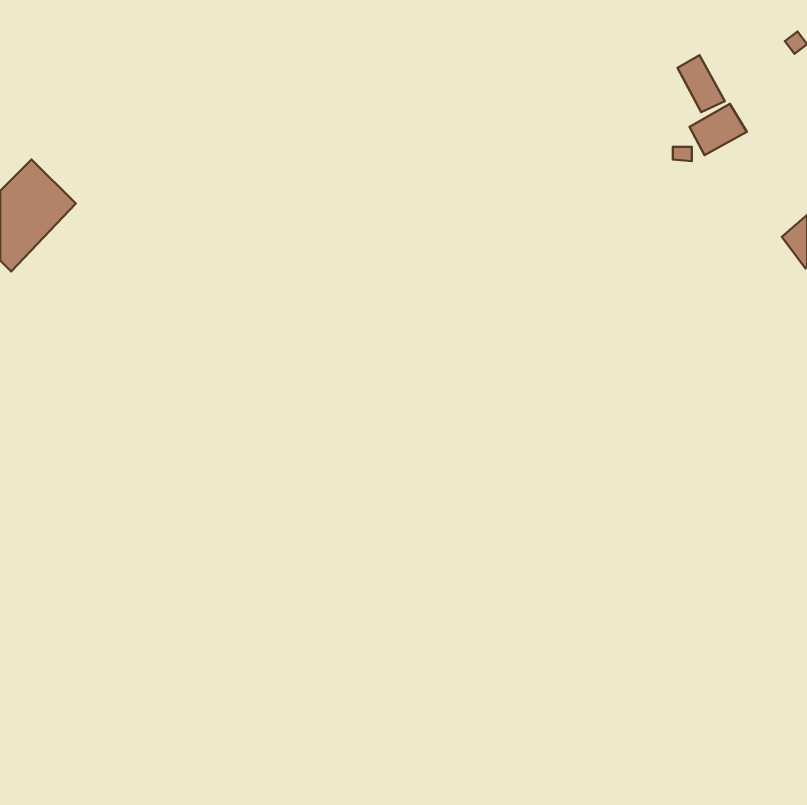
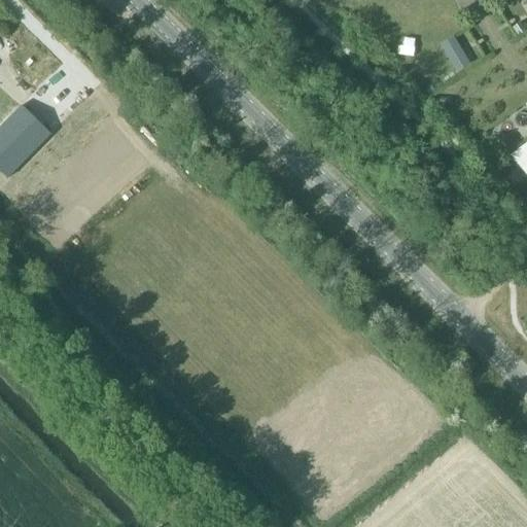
building: [690,104,747,155] -> none

